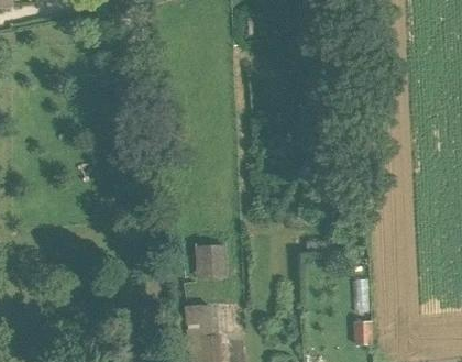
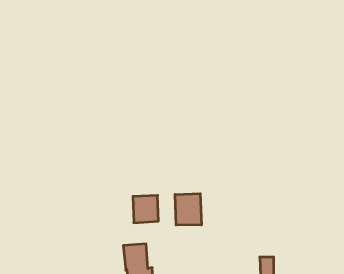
building: none -> [175,194,201,225]

